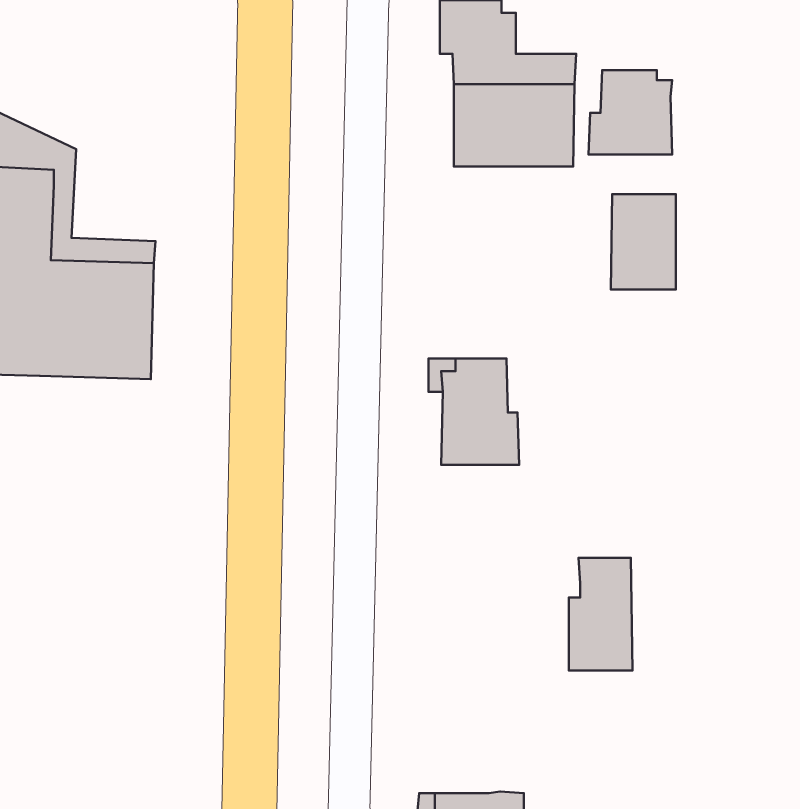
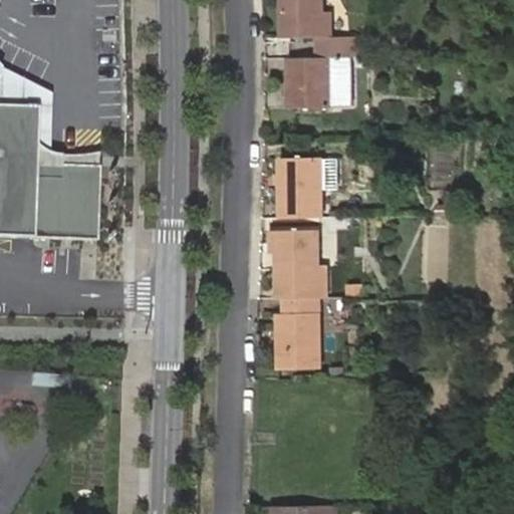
building: [588,70,672,154] -> none
building: [611,194,676,289] -> [276,156,317,216]
building: [569,558,632,670] -> [273,295,313,366]

